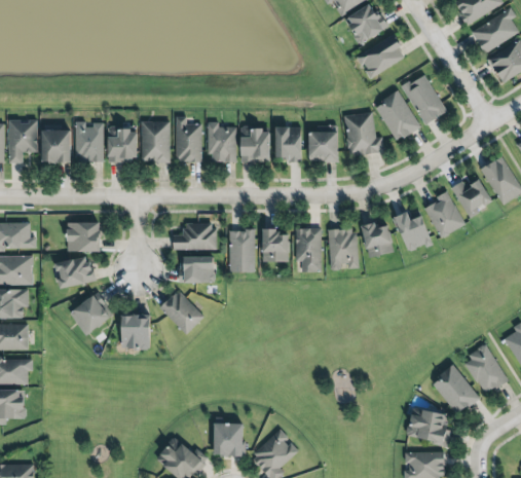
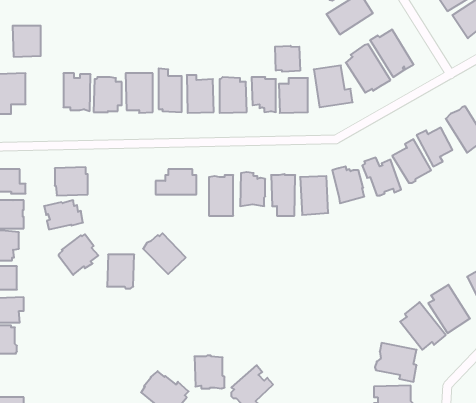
building: none -> [275,46,300,72]
building: [37,132,67,164] -> [13,26,41,57]
building: [180,255,216,283] -> none

